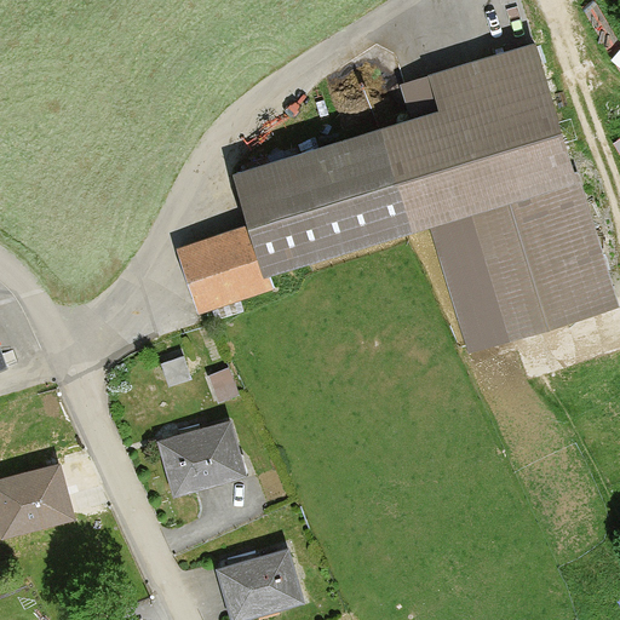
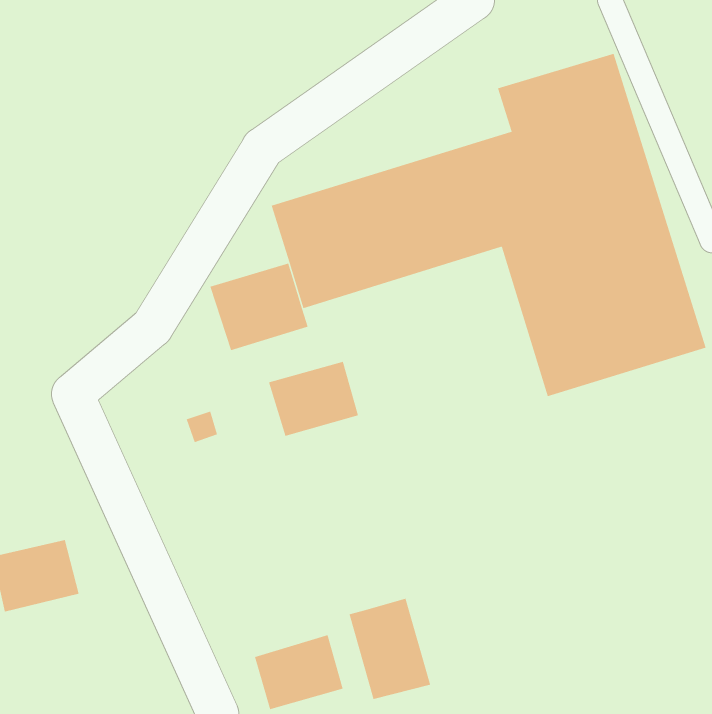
building: [162,424,241,489] -> [268,361,359,437]
building: none -> [349,598,431,700]

